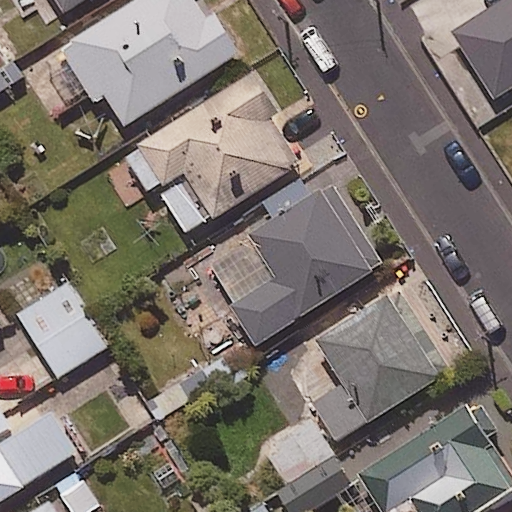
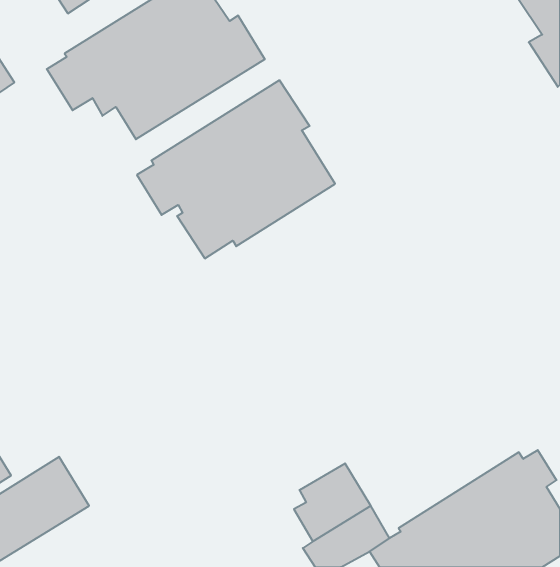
building: [205,182,381,343] -> none
building: [14,280,109,379] -> none
building: [294,288,448,440] -> none

